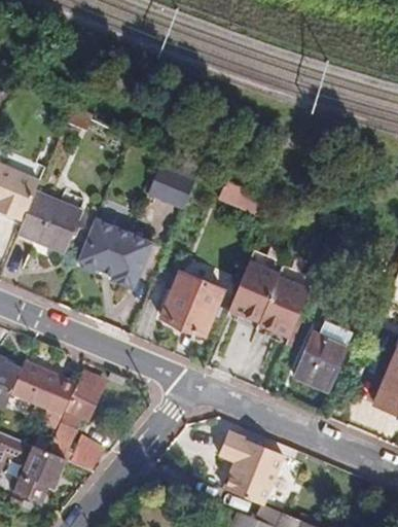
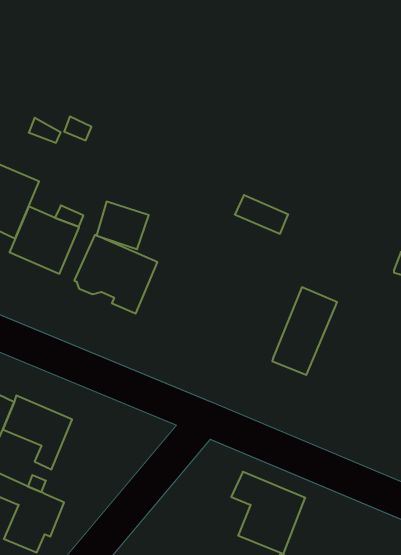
building: [150,163,197,206] -> [96,202,149,249]
building: [225,248,283,327] -> none
building: [160,272,223,336] -> none
building: [294,317,353,392] -> none
building: [50,370,105,470] -> none

